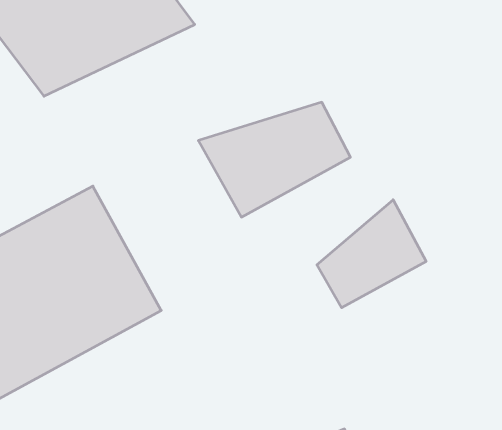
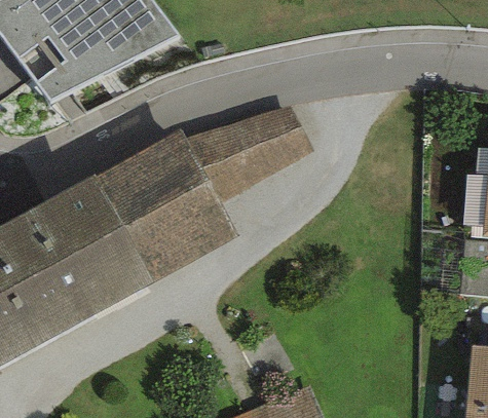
building: none -> [90,130,236,284]
building: [317,200,426,308] -> none

